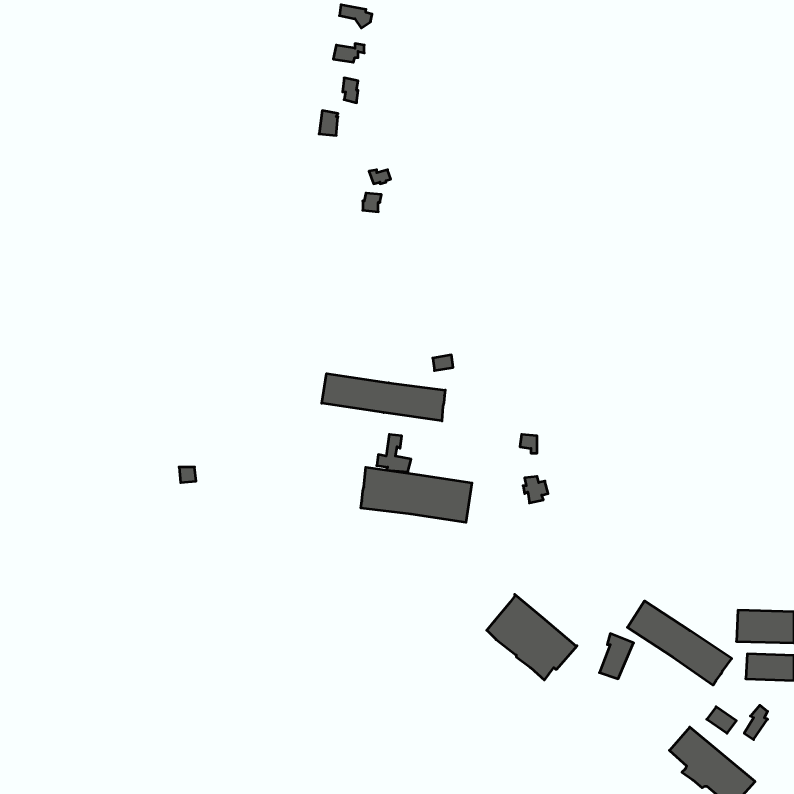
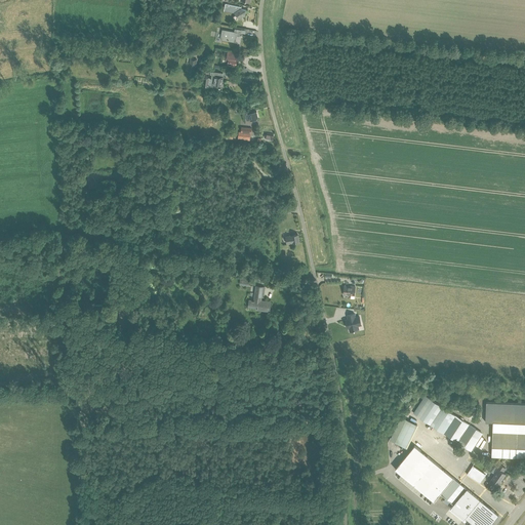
building: [322,374,445,421] -> none
building: [361,467,472,522] -> none
building: [487,594,577,680] -> [395,446,454,502]

